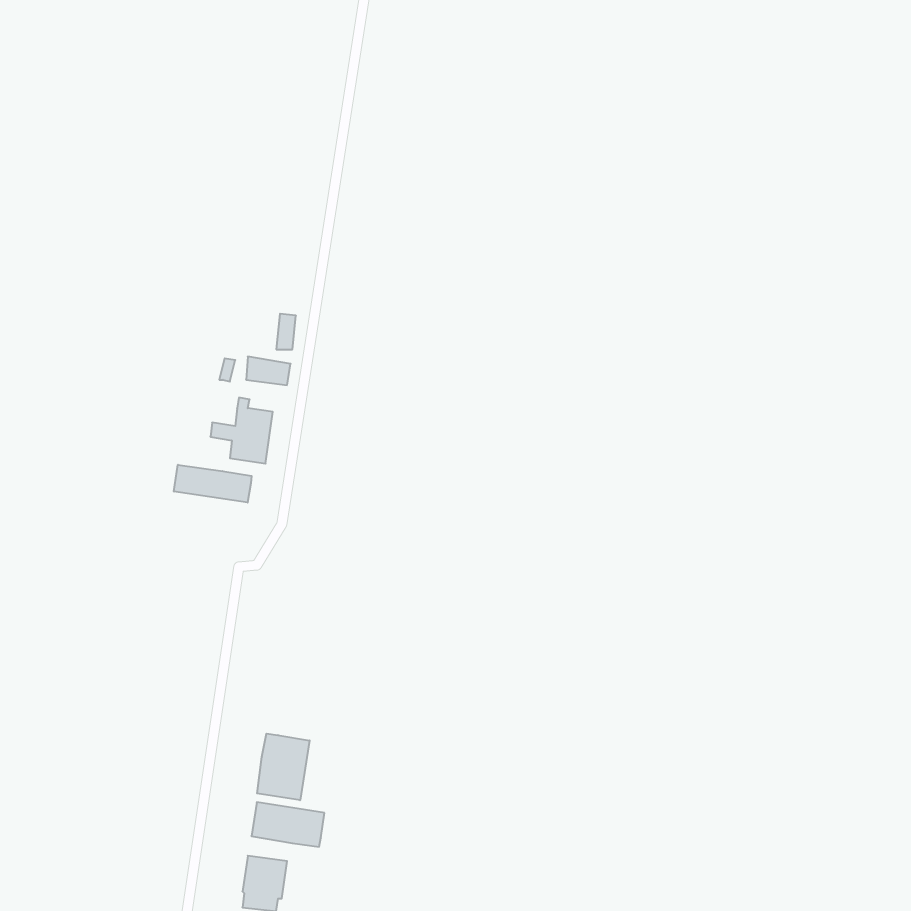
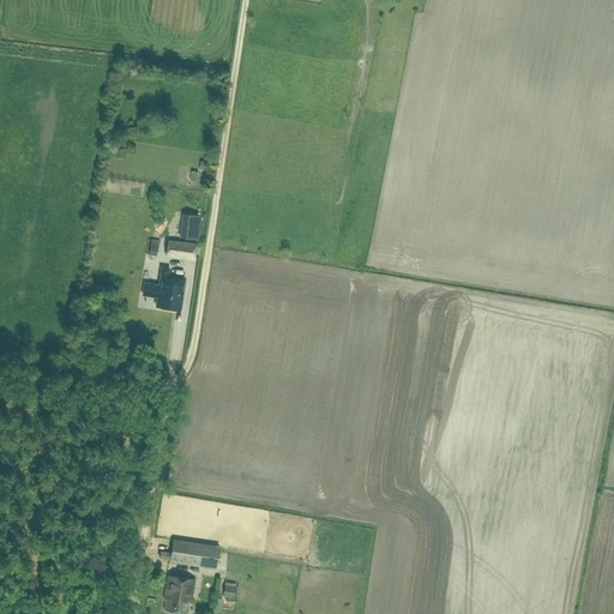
building: [174,465,252,503] -> none
building: [257,734,310,800] -> none

